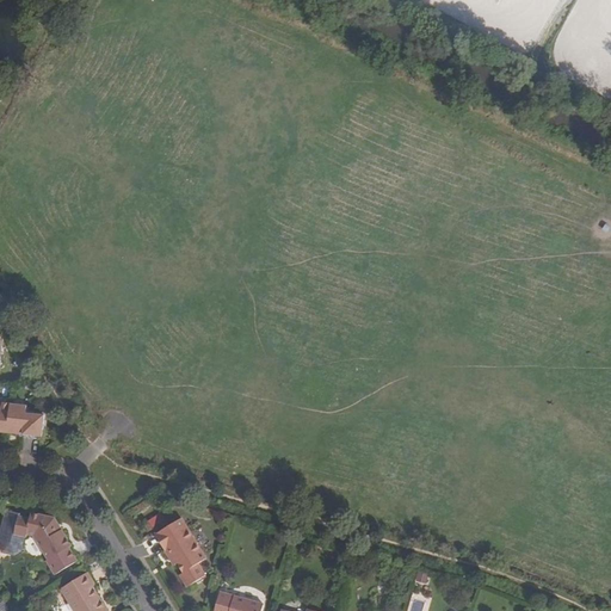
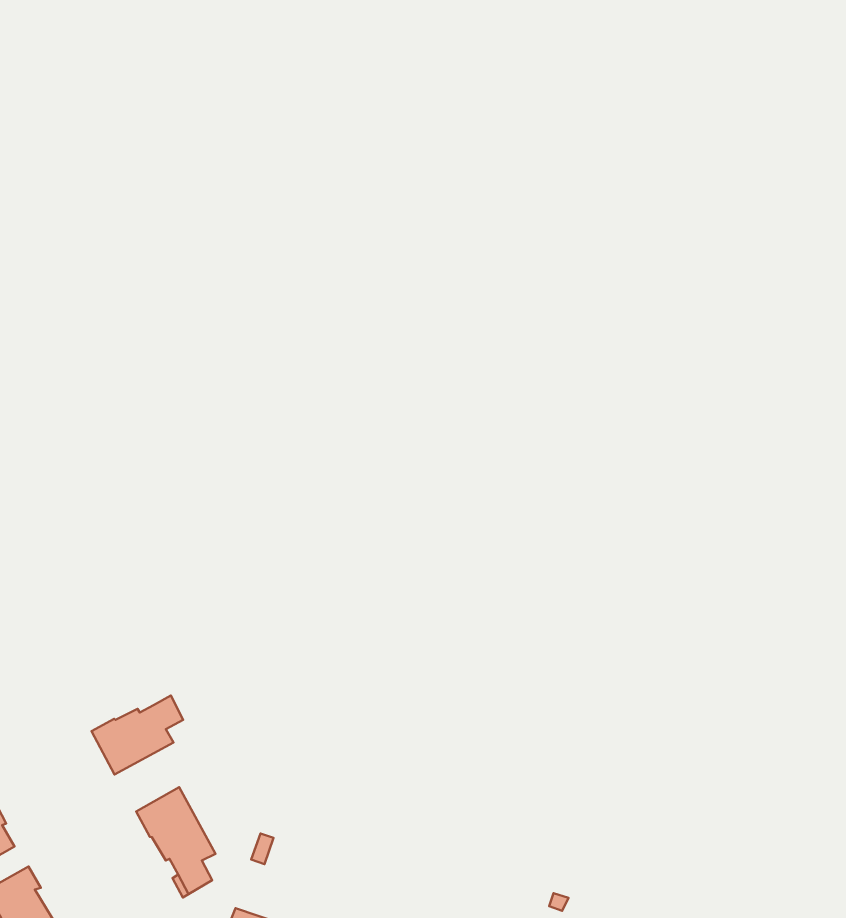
building: none -> [92,695,183,775]

